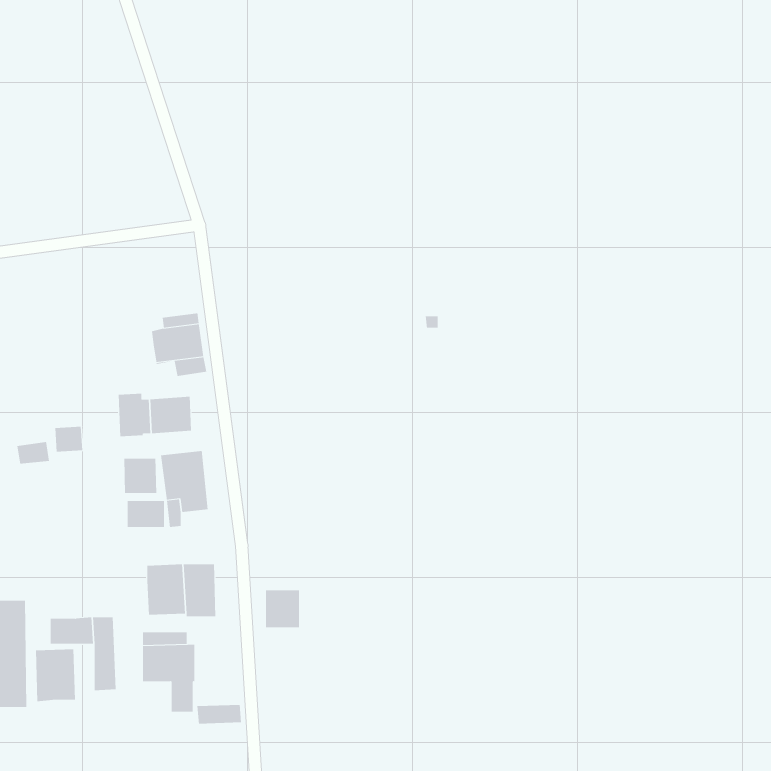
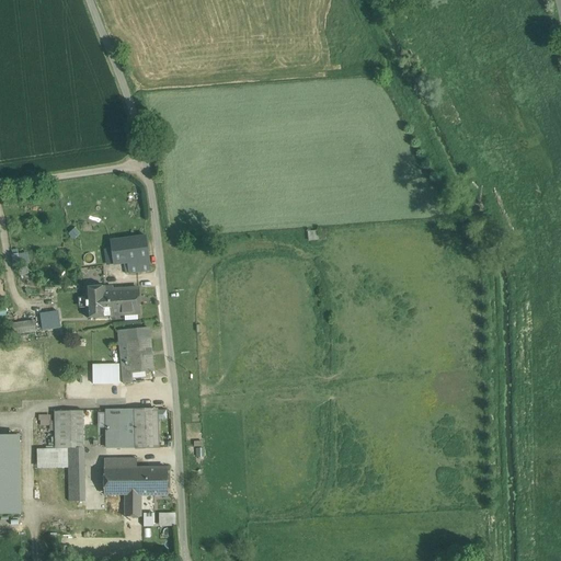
building: [124,458,157,494] -> none
building: [265,590,300,628] -> [141,467,167,494]
building: [35,649,76,702] -> [54,410,83,448]

